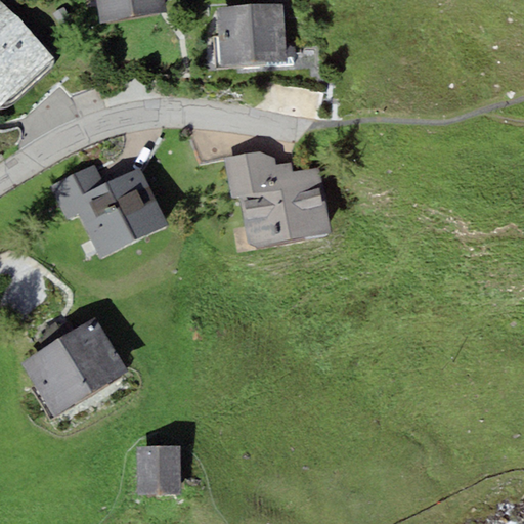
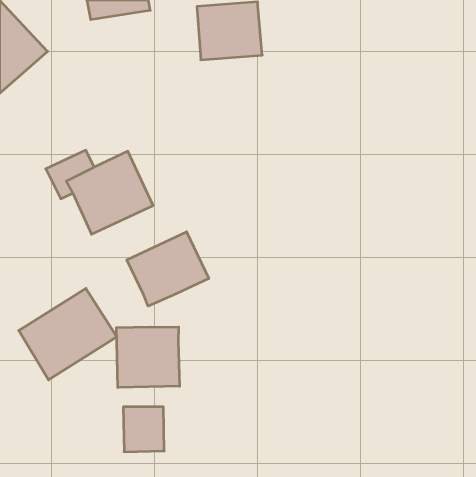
building: [224,150,331,248] -> none
building: none -> [127,232,209,306]
building: none -> [116,327,180,388]

